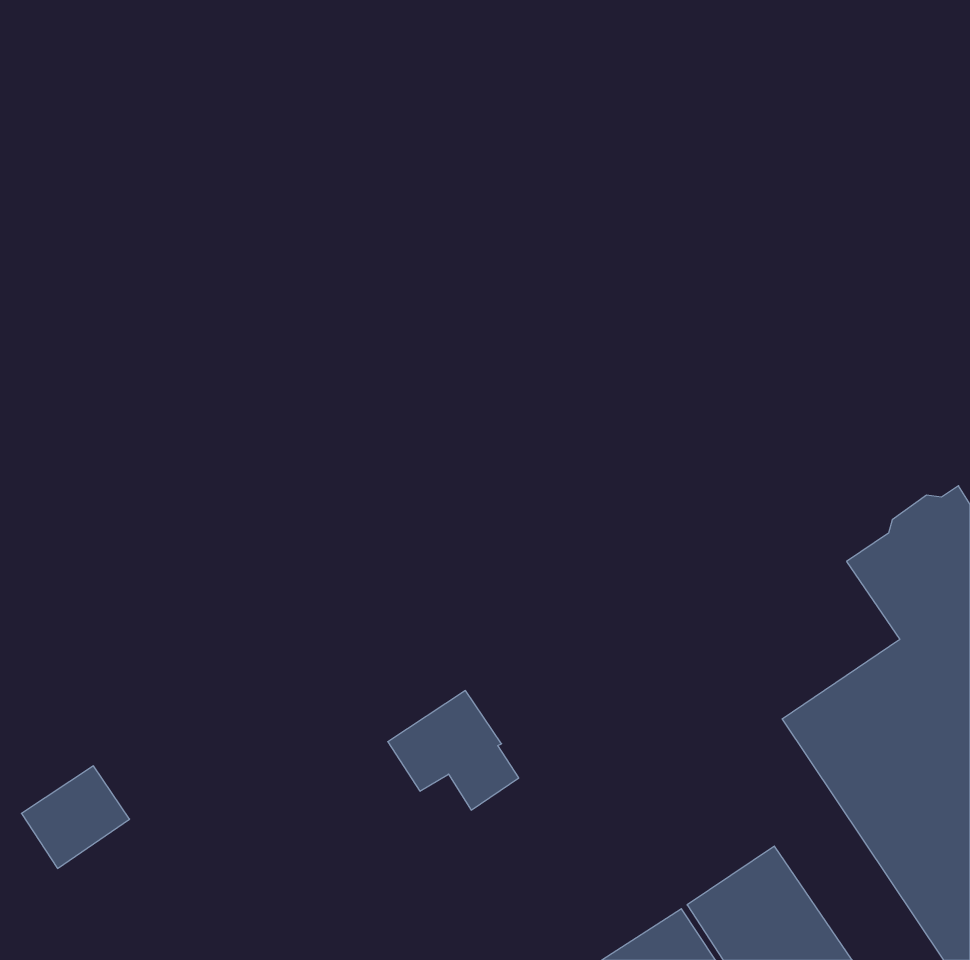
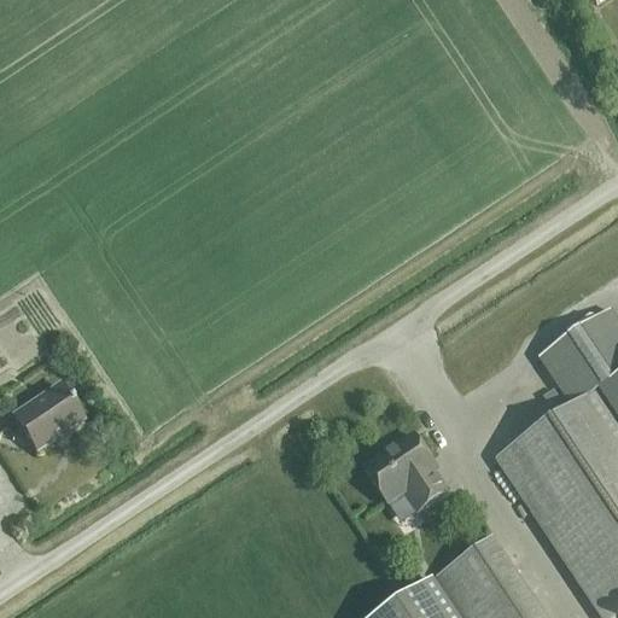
building: [388,691,519,810] -> [365,435,448,511]
building: [21,766,130,868] -> [14,385,83,450]

